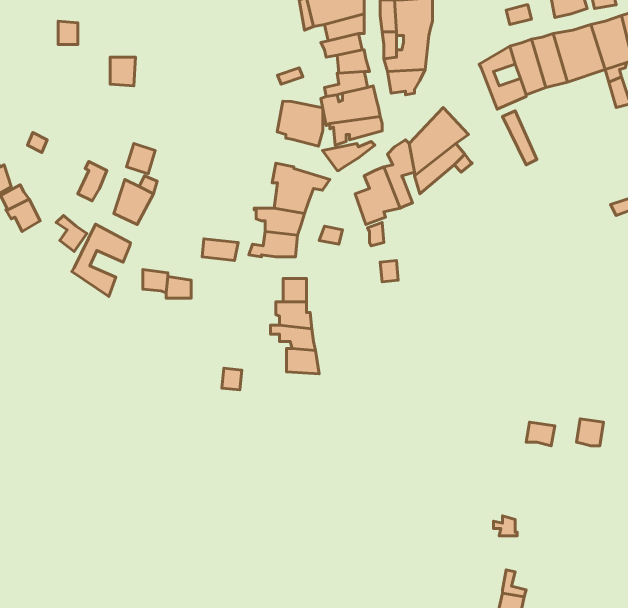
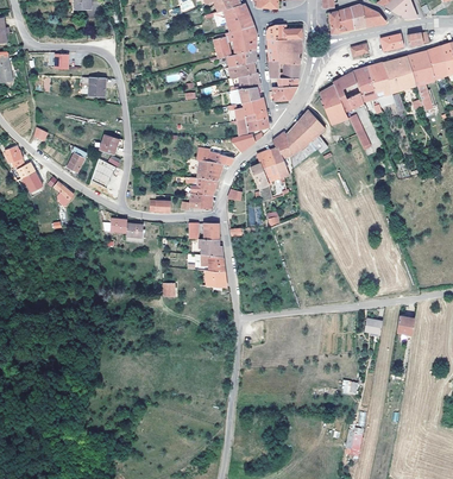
building: none -> [319,84,347,125]
building: [277,101,323,146] -> none
building: [72,224,130,297] -> none

